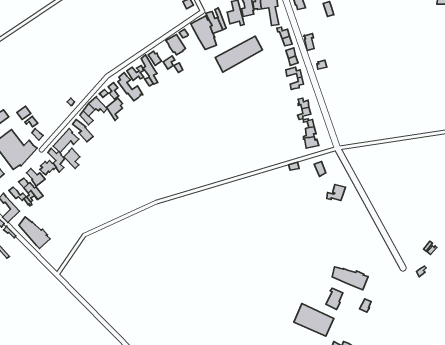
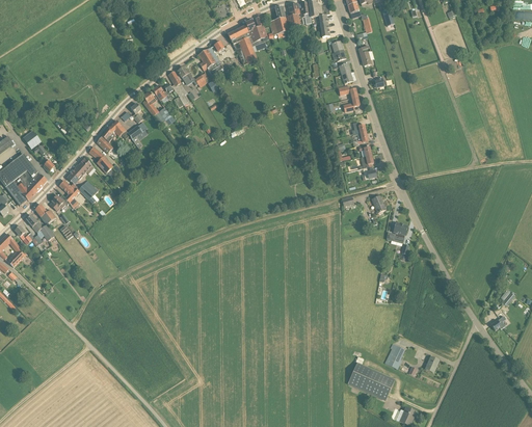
building: [215,36,263,72] -> none
building: [19,217,50,248] -> none
building: [332,267,368,290] -> none

